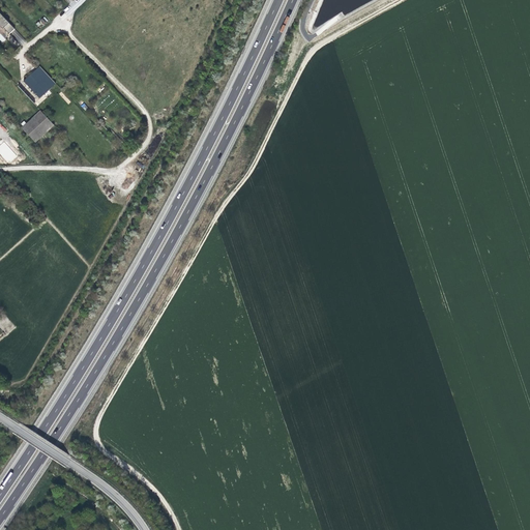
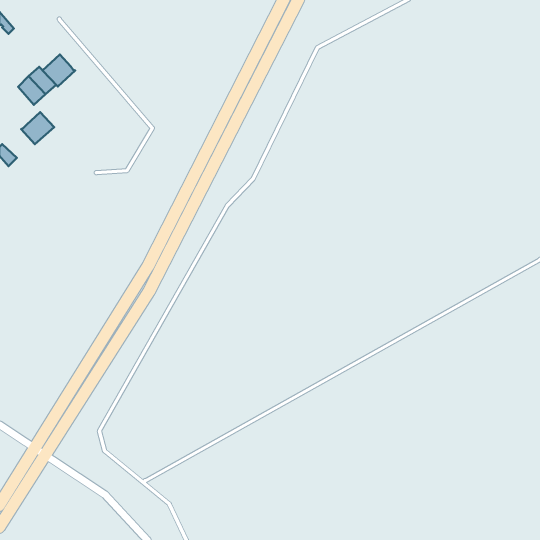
building: none -> [43,55,75,86]

